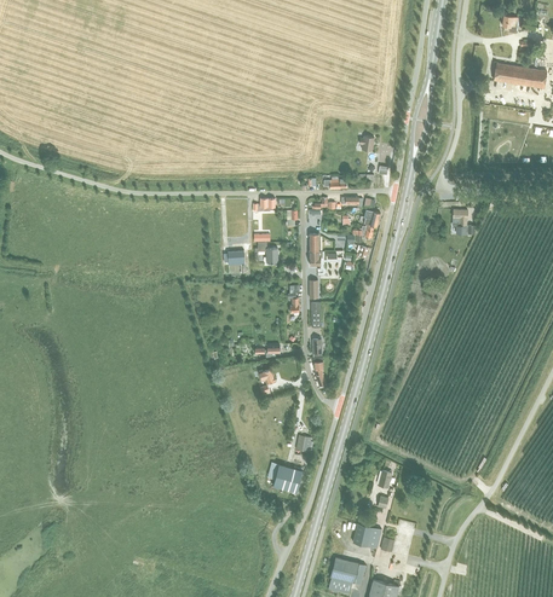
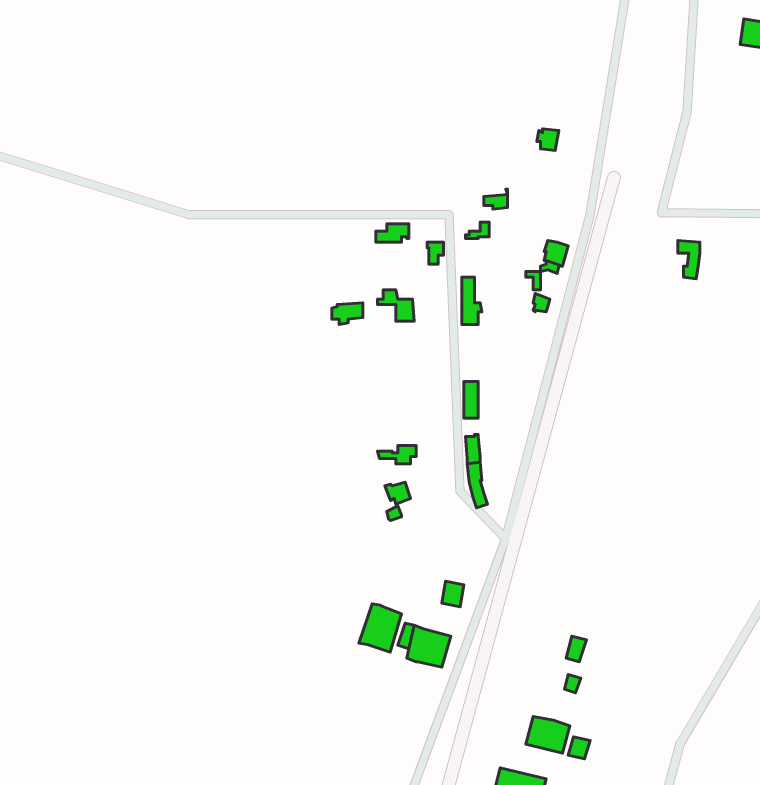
building: none -> [359,604,401,652]

